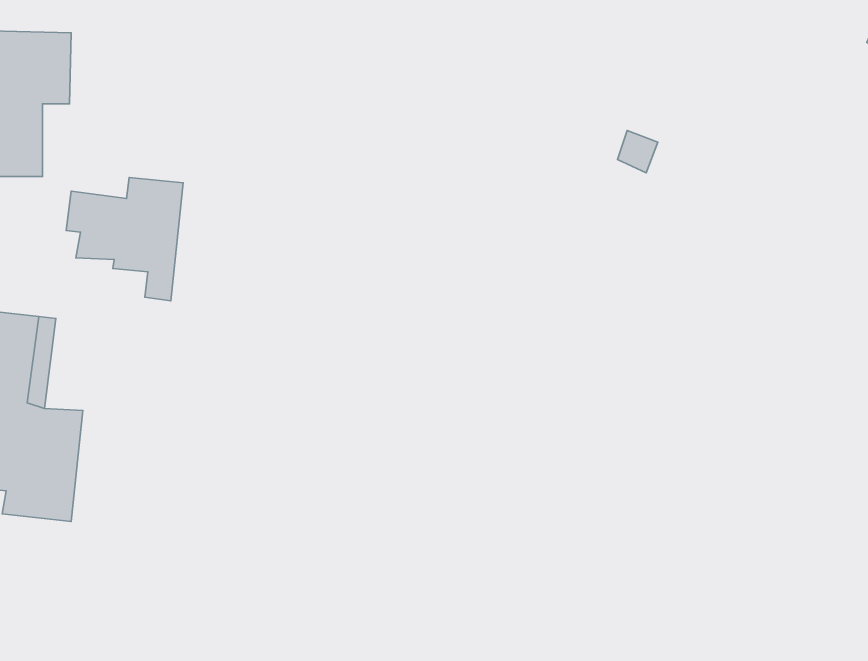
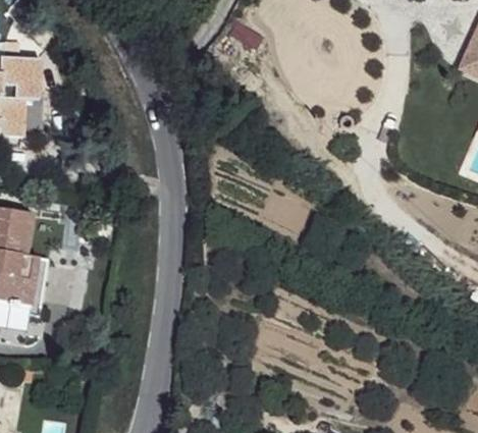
building: [66,177,183,301] -> none

